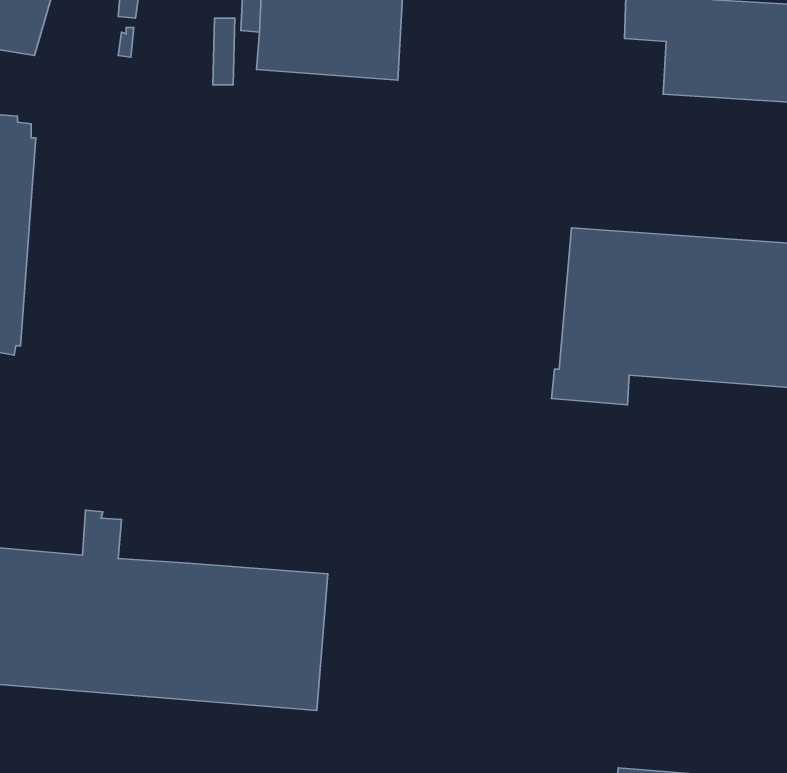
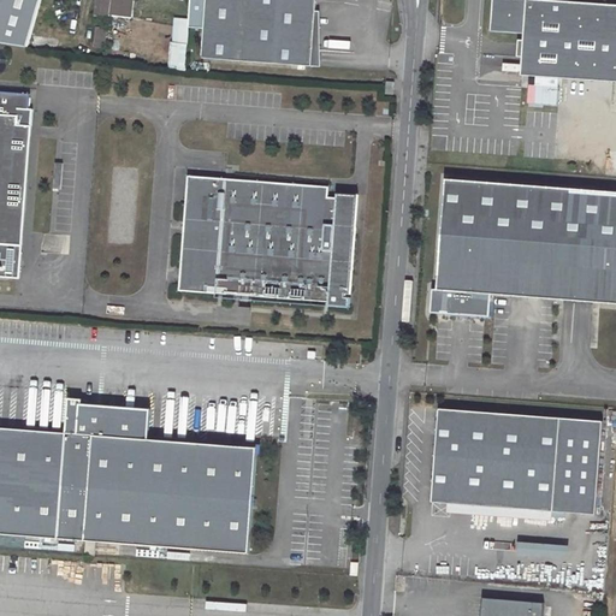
building: none -> [179,176,357,308]
building: none -> [94,405,150,439]
building: none -> [432,408,602,514]

